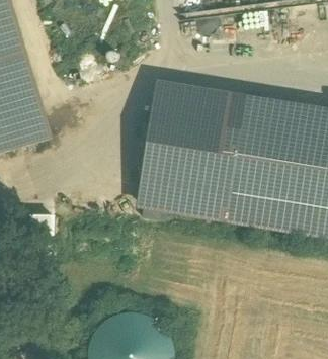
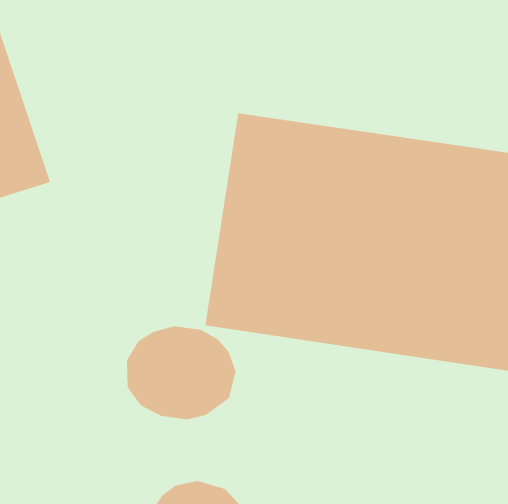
building: none -> [126,325,236,420]

